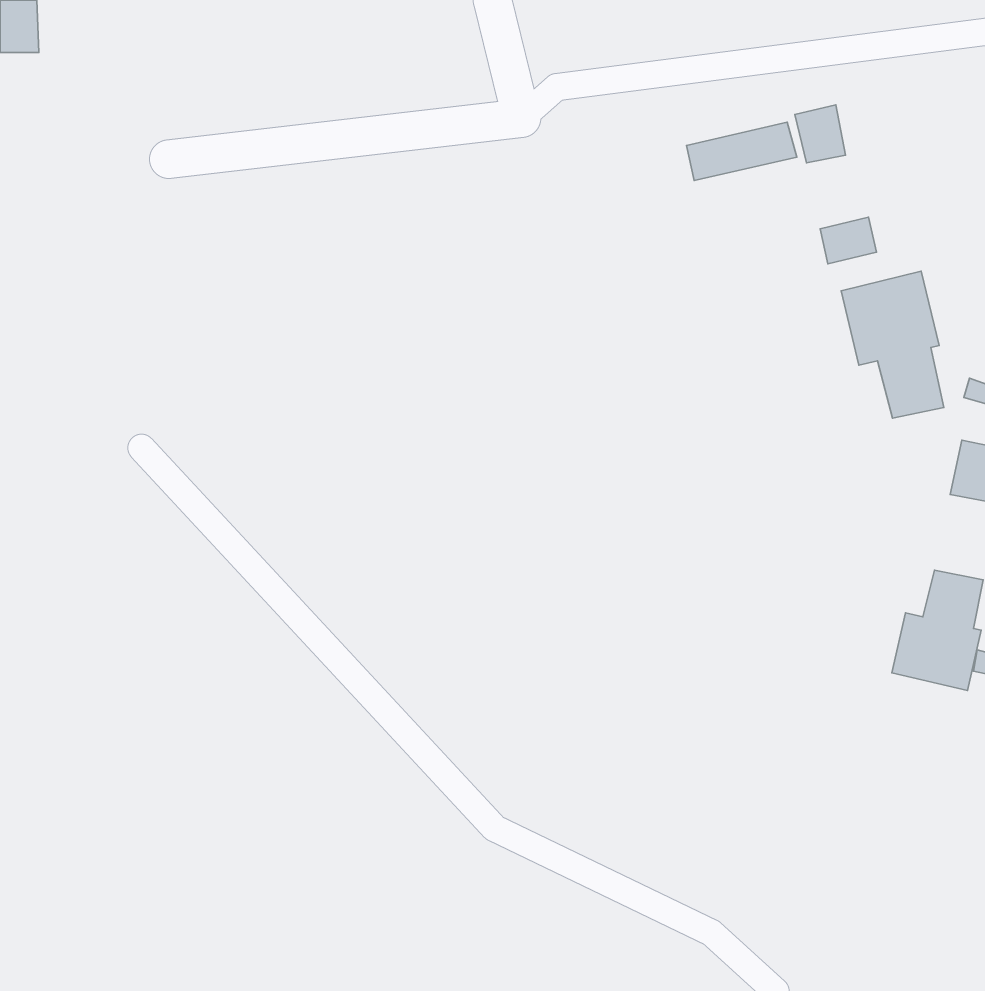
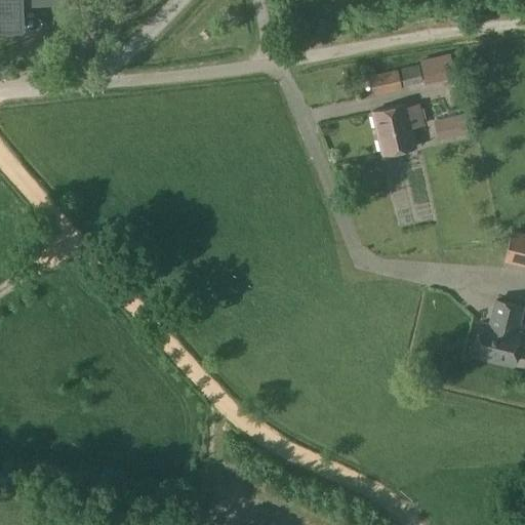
building: none -> [374,104,425,154]
building: [841,271,944,418] -> none

